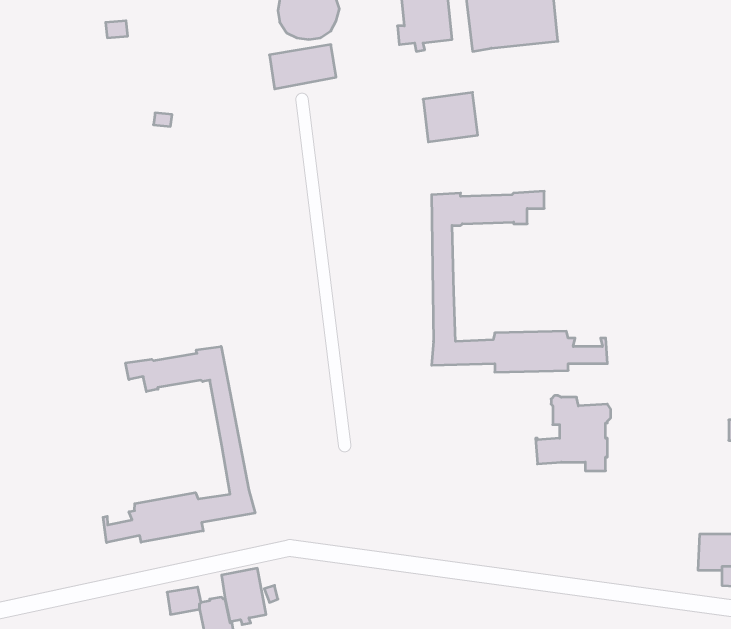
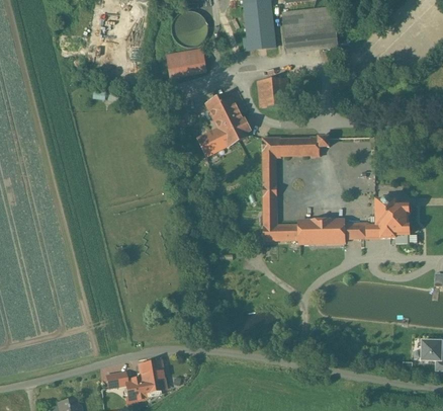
building: none -> [198,92,250,155]
building: [103,346,255,543] -> none
building: [536,396,611,471] -> [365,197,410,242]

